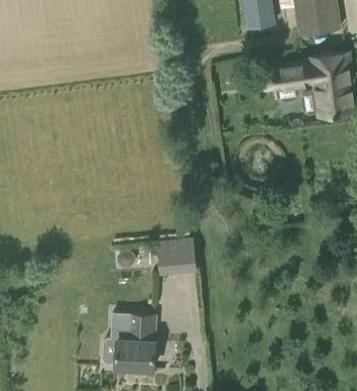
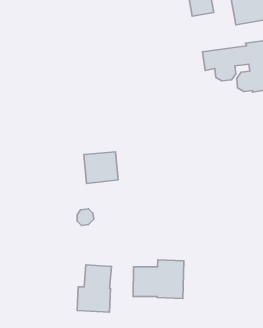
building: [156,236,196,273] -> [84,152,118,183]
building: none -> [133,260,184,298]

